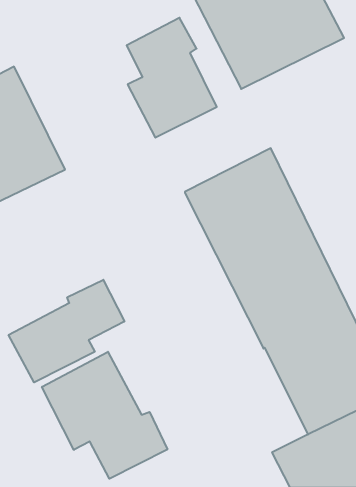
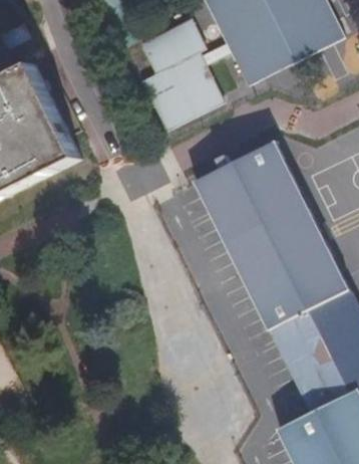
building: [9,280,124,382] -> none
building: [42,352,167,479] -> none

